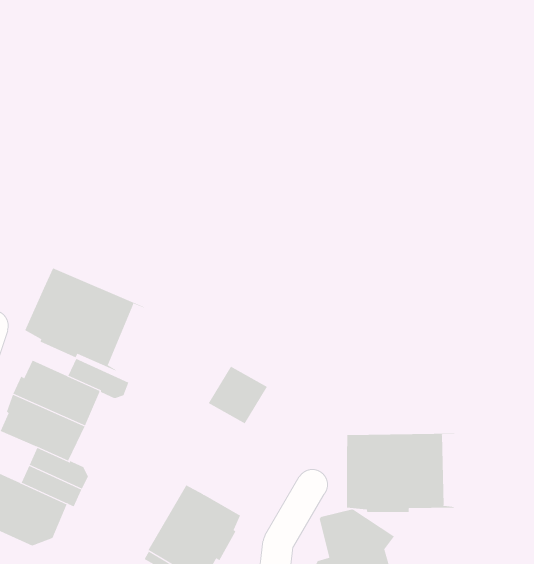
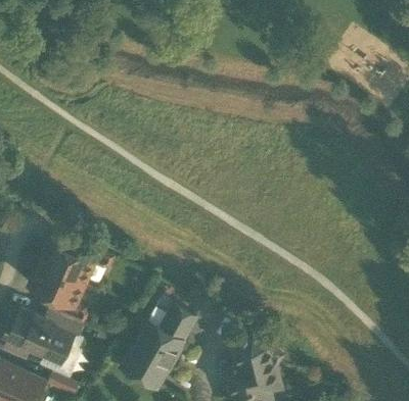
building: [24,268,145,371] -> none
building: [208,366,268,424] -> [161,304,198,341]
building: [346,433,455,513] -> none

